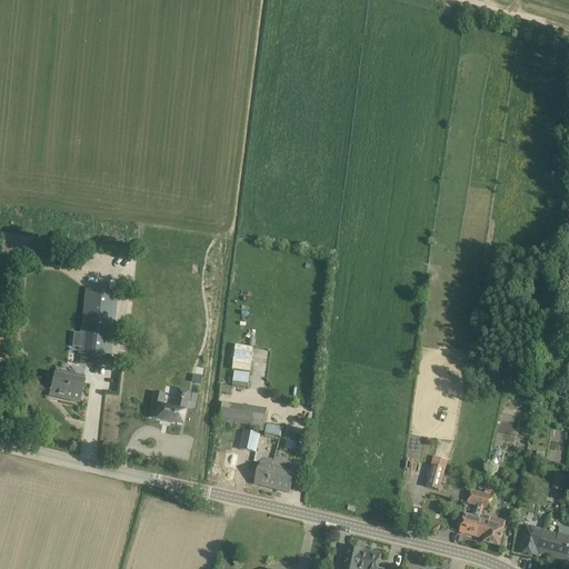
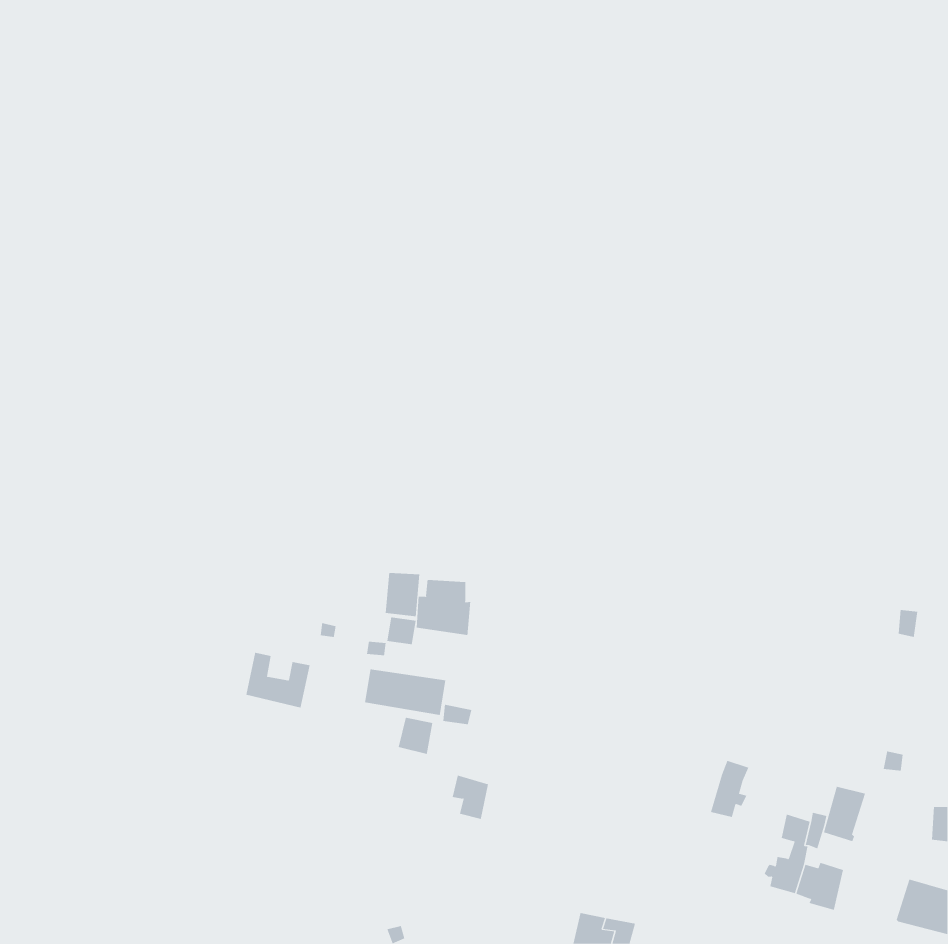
building: [78,287,117,355] -> none
building: none -> [416,579,471,636]
building: [49,372,82,399] -> none
building: [253,455,277,487] -> none
building: [518,521,543,555] -> [823,786,866,842]

